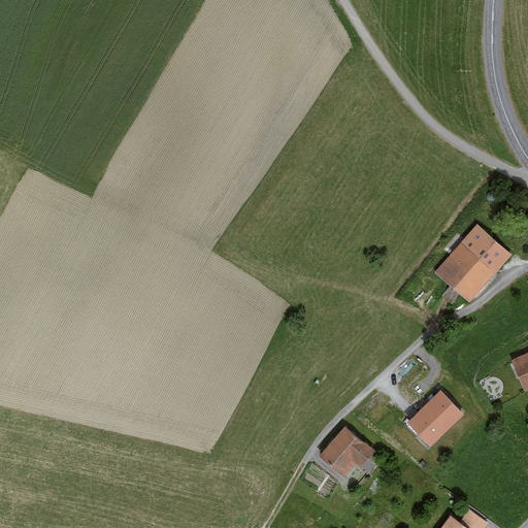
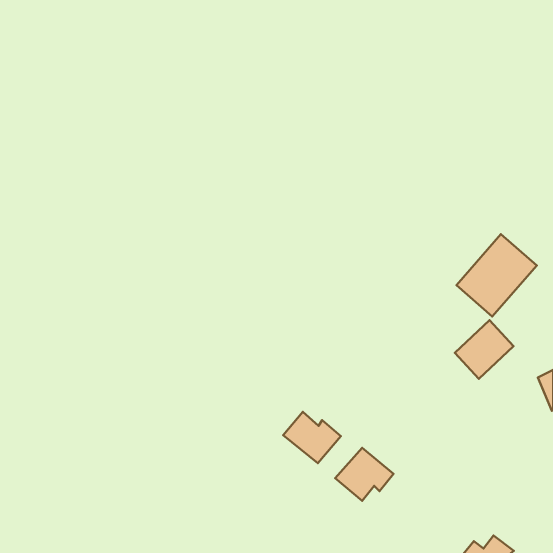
building: [407,390,463,446] -> [455,320,514,379]
building: none -> [283,412,341,463]

